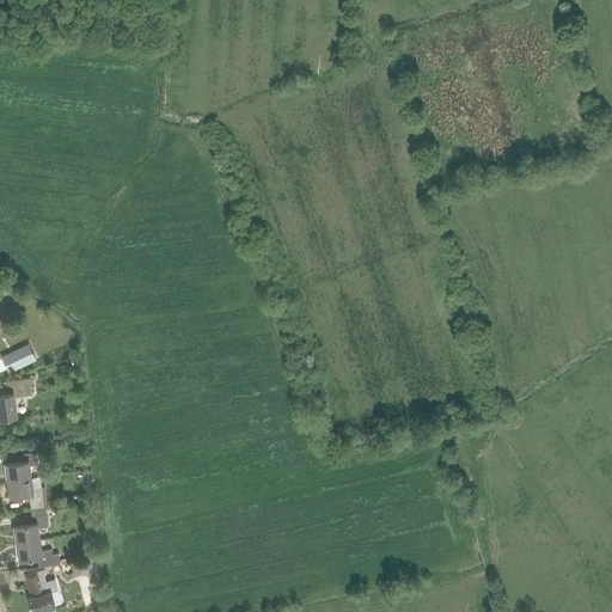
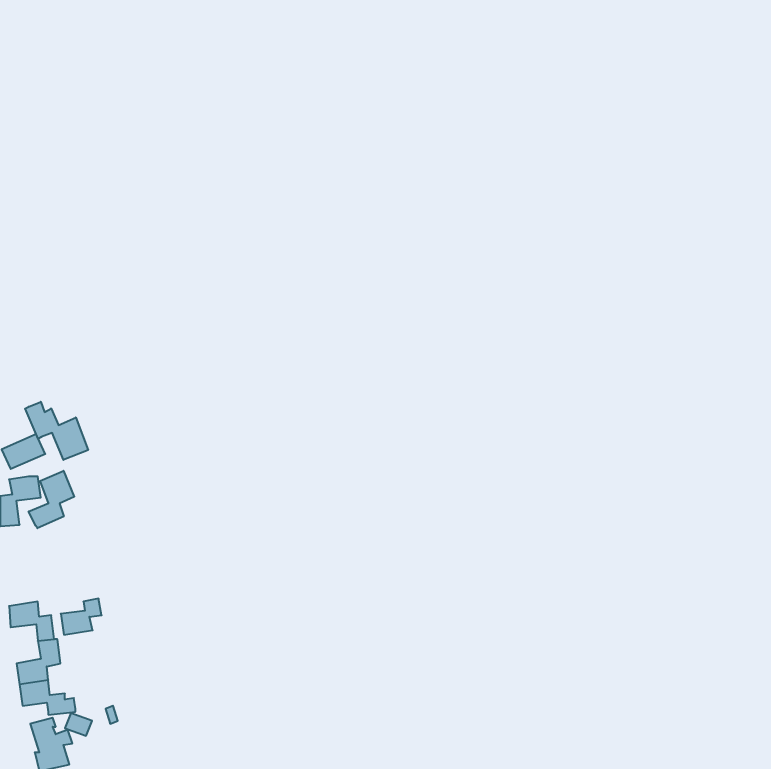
building: none -> [25,402,88,460]
building: none -> [29,471,74,528]
building: [5,453,37,482] -> [61,599,102,635]

